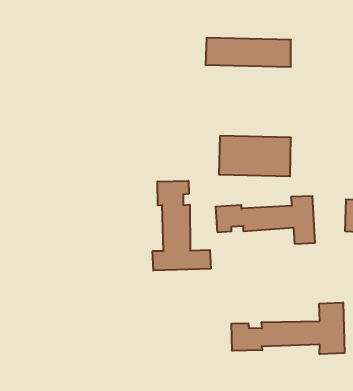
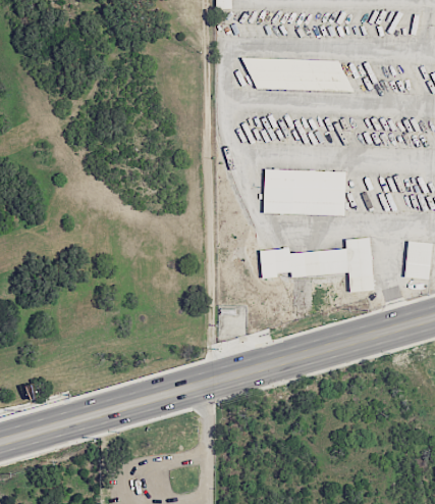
building: [153,181,211,271] -> none
building: [232,302,344,354] -> none

